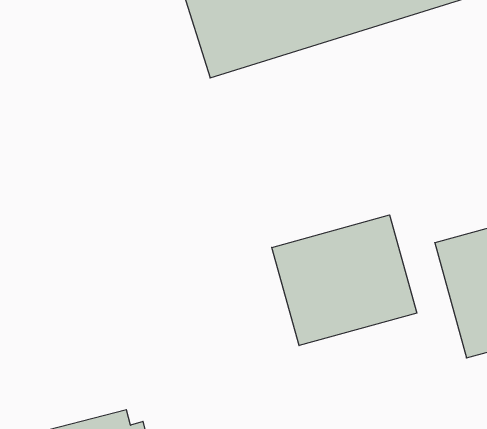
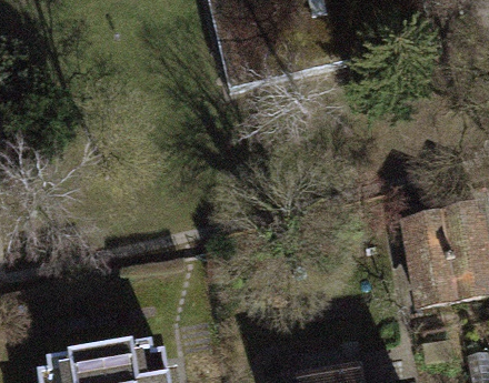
building: [272,215,417,346] -> none

